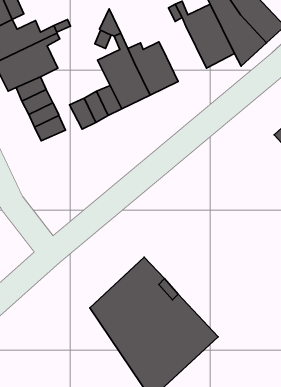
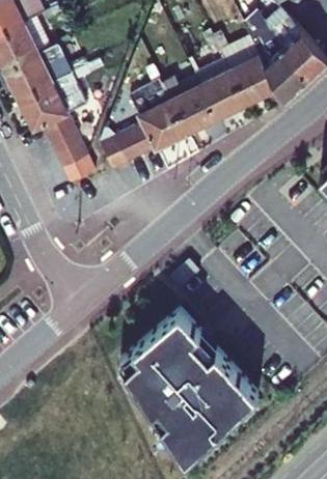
building: none -> [194,63,246,122]

